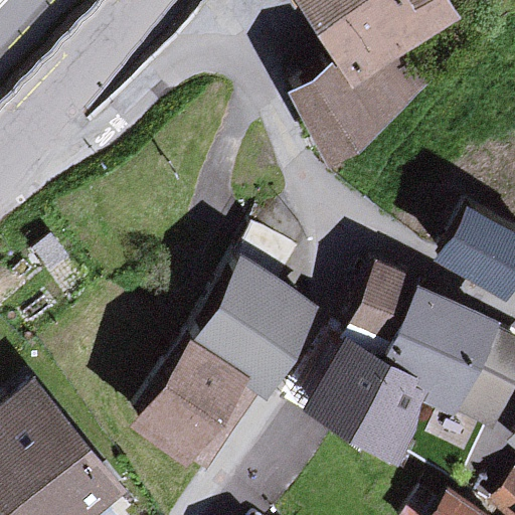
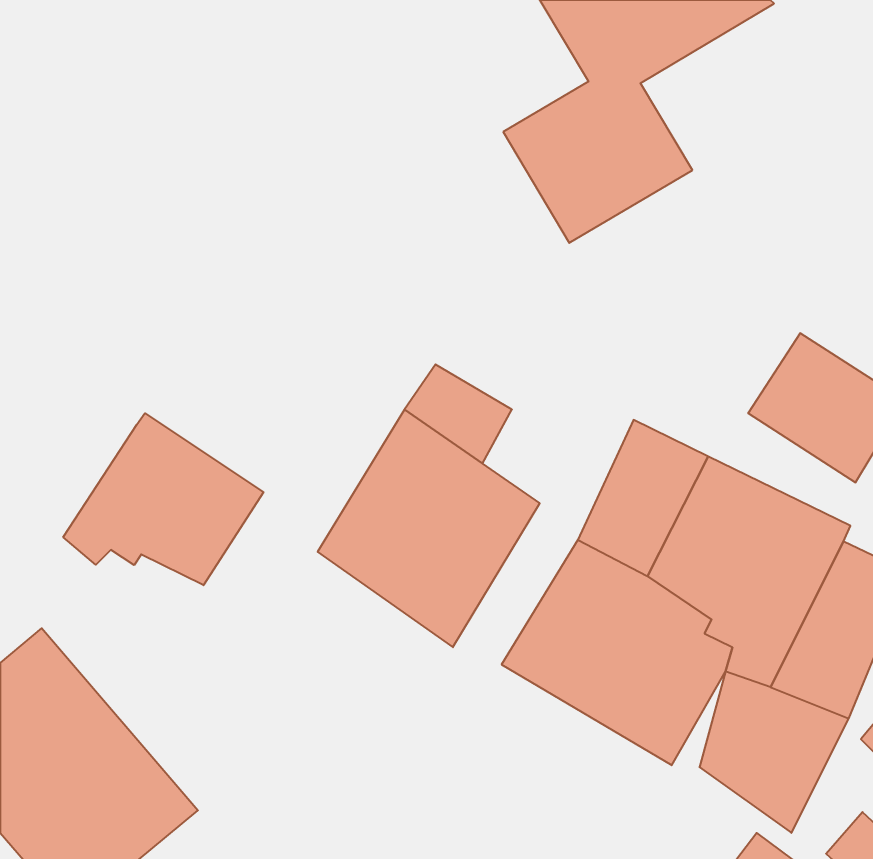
building: none -> [63,413,263,585]
building: [136,346,248,463] -> none

